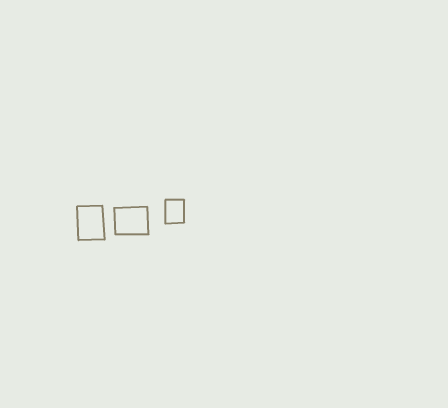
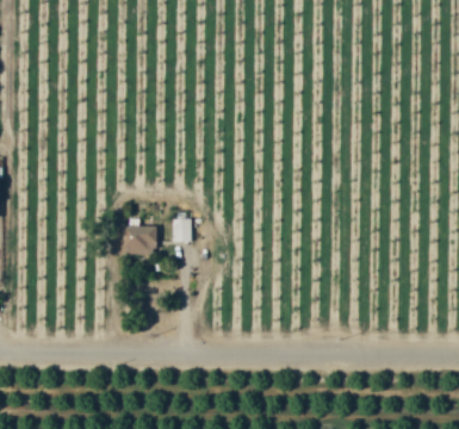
building: [77,206,105,240] -> none

